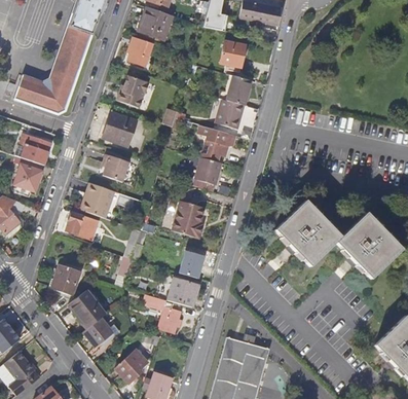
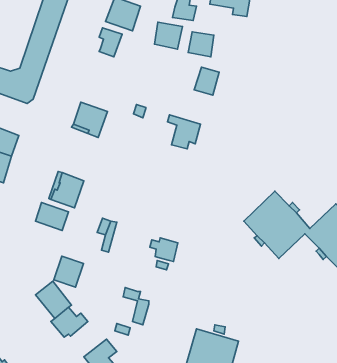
building: none -> [154,22,182,49]
building: [116,74,149,107] -> none
building: [215,98,244,128] -> none
building: [104,152,129,180] -> none
building: [194,155,222,183] -> none
building: [172,197,206,237] -> none
building: [51,263,81,294] -> [54,256,84,287]
building: [169,277,199,305] -> none

